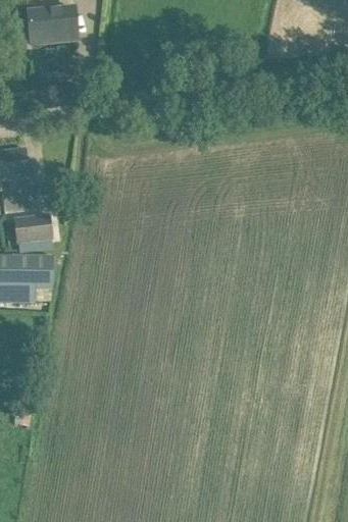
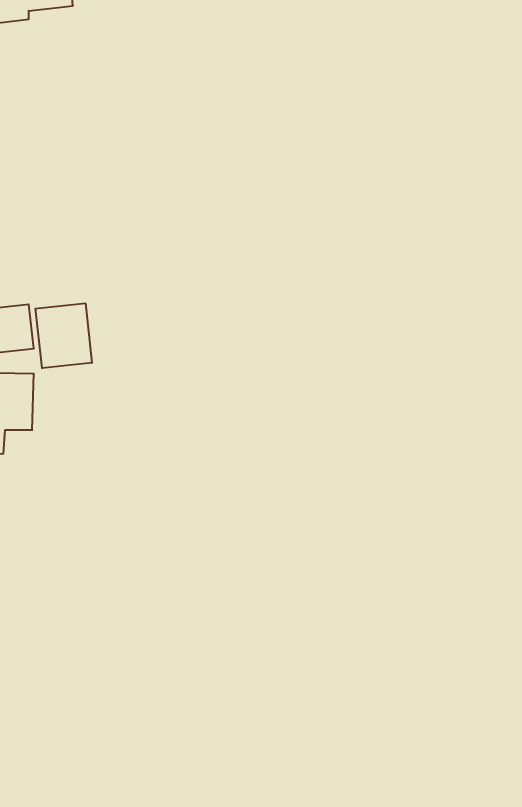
building: none -> [35,303,92,368]

